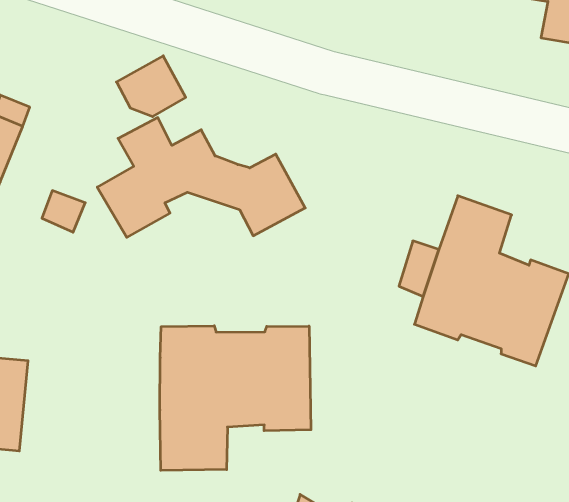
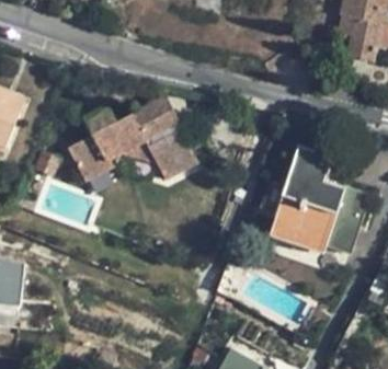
building: [116,56,186,117] -> [134,96,178,135]
building: [160,326,311,470] -> none

